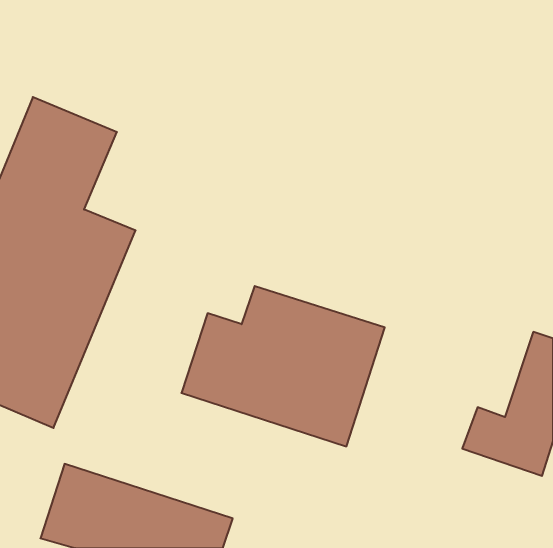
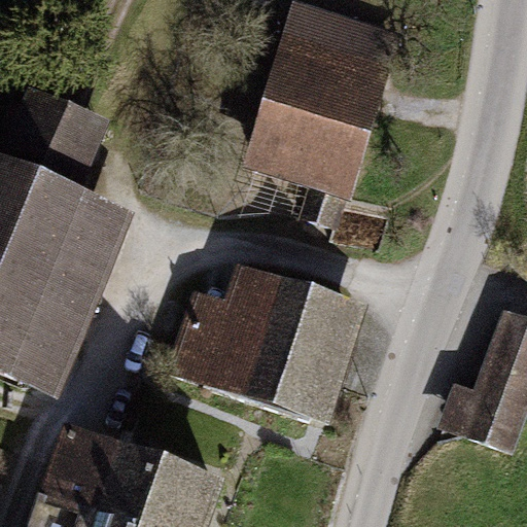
building: none -> [249,4,403,196]

